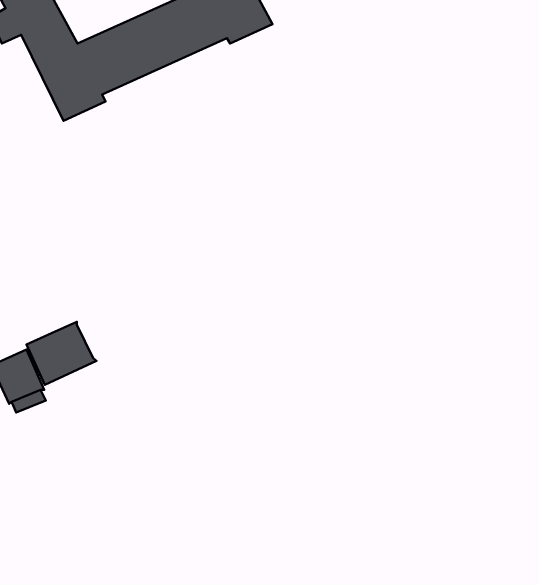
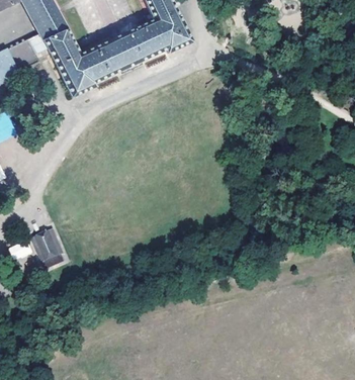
building: [27,322,97,385] -> none

